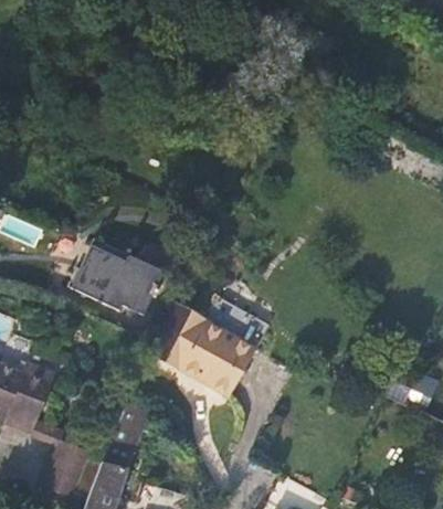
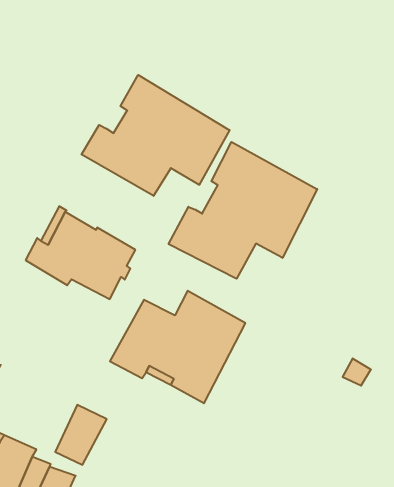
building: none -> [82,75,230,196]
building: none -> [169,142,317,279]

